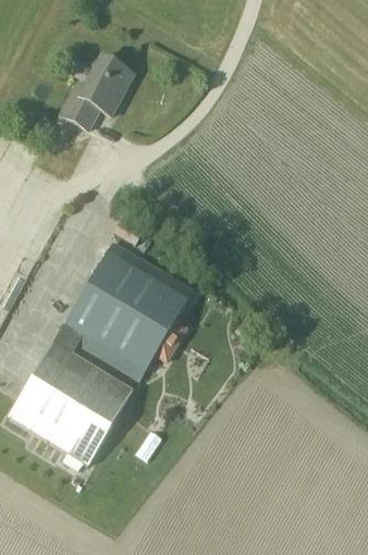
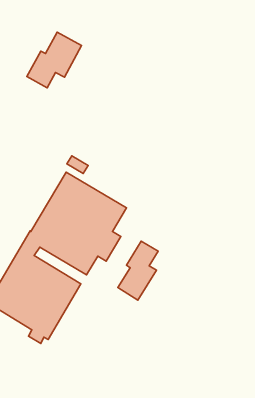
building: none -> [118,241,158,300]

